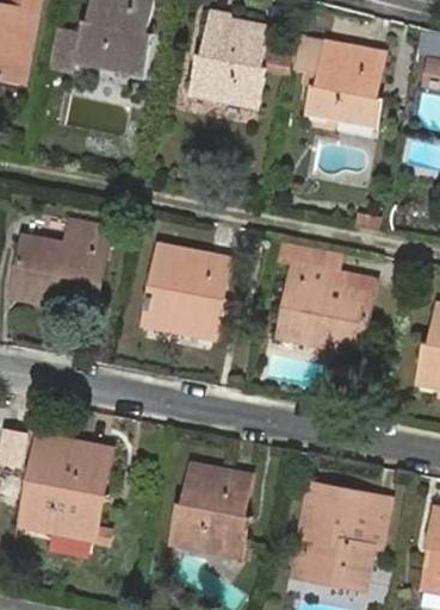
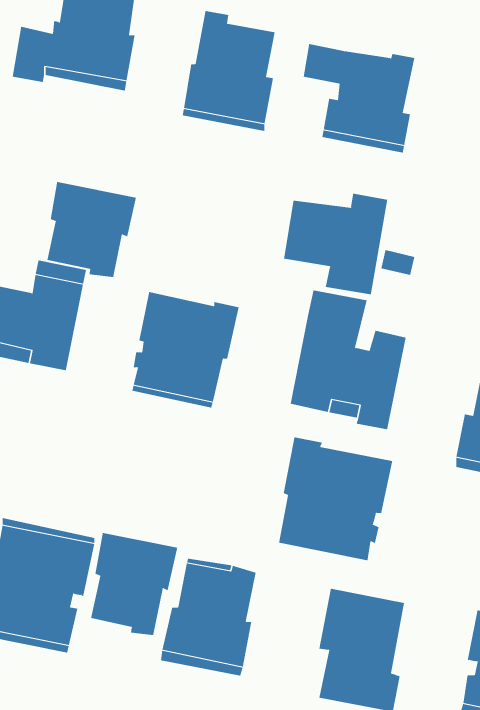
building: none -> [47,181,136,278]
building: none -> [284,193,388,295]
building: none -> [279,437,393,561]
building: none -> [91,532,178,636]

